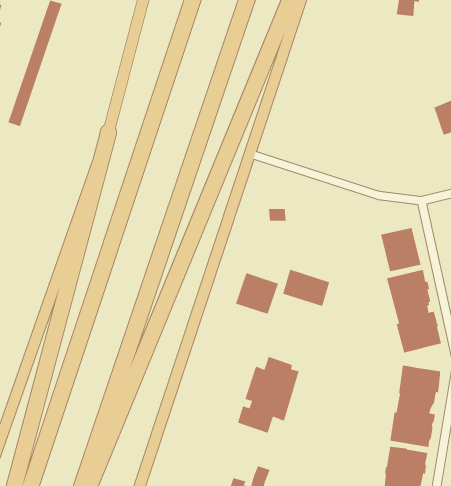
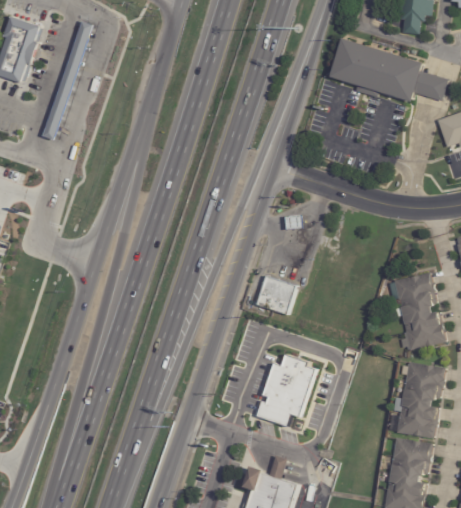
building: none -> [332,39,446,103]
building: [381,227,421,272] -> none
building: [282,269,330,307] -> none

